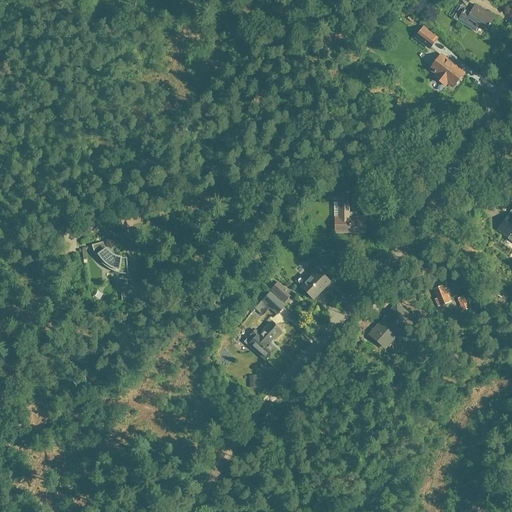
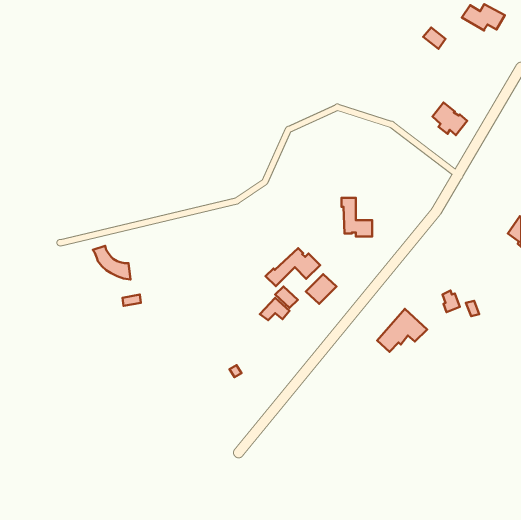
building: [430,54,464,86] -> [432,102,467,135]
building: none -> [266,248,320,286]
building: [244,321,281,359] -> none

